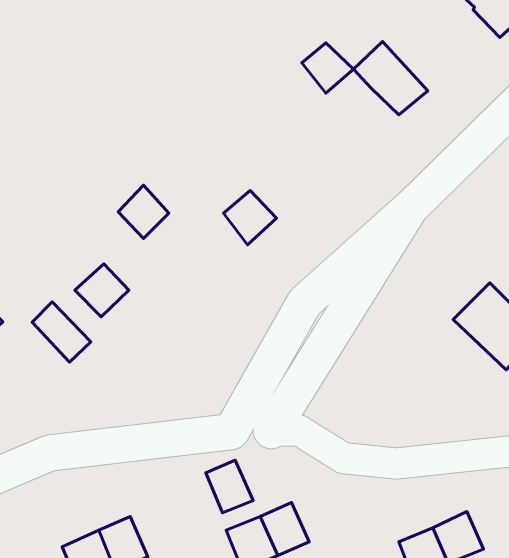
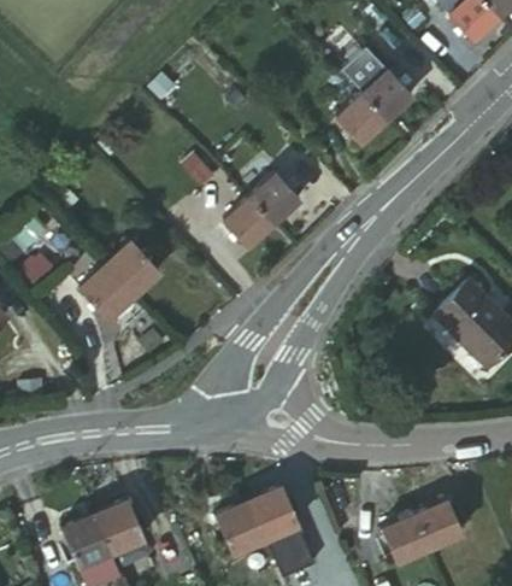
building: [302,43,353,93] -> [336,95,386,143]
building: none -> [243,169,293,219]
building: [118,185,169,238] -> [104,238,152,288]
building: [32,302,91,362] -> none
building: [206,460,253,513] -> none

